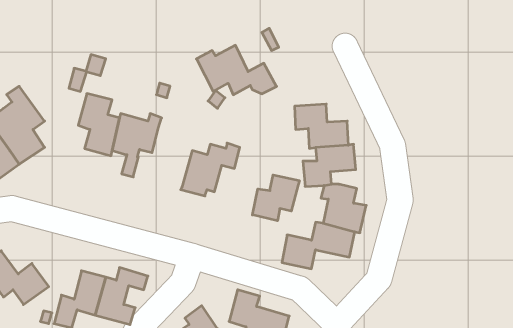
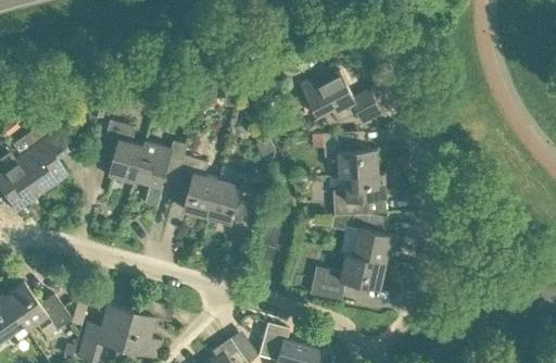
building: [196,45,277,95] -> [300,71,382,122]
building: none -> [177,155,218,217]
building: [252,175,299,221] -> none

